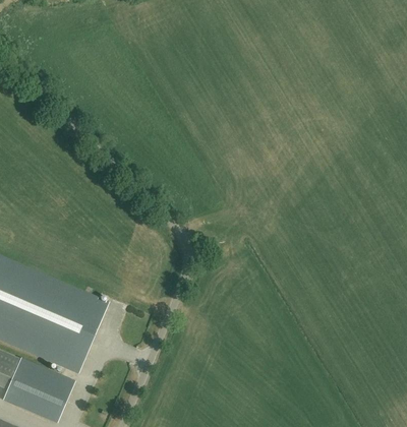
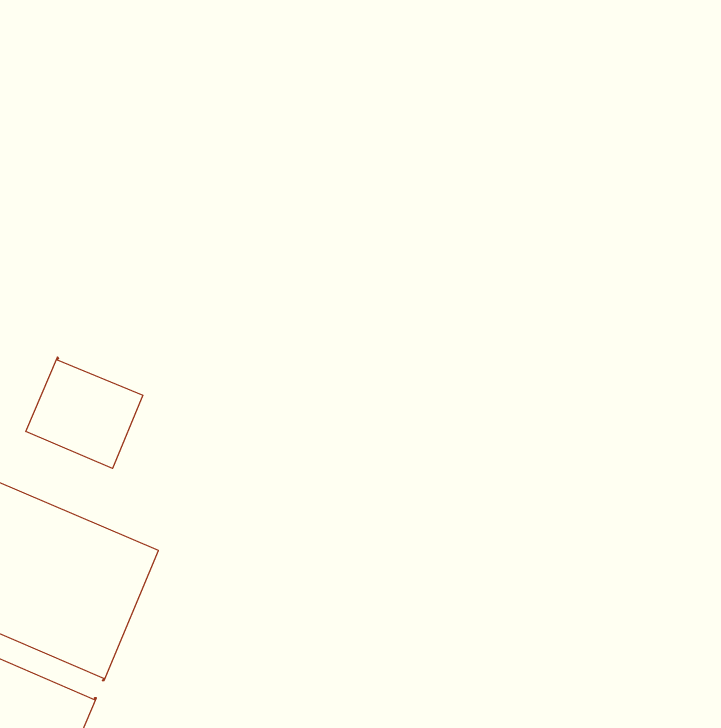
building: none -> [26,357,143,468]

